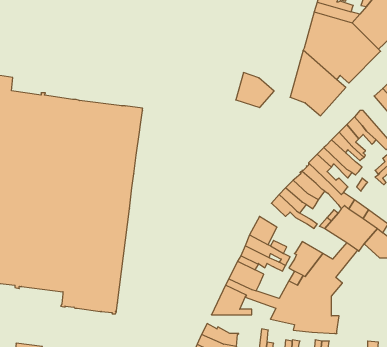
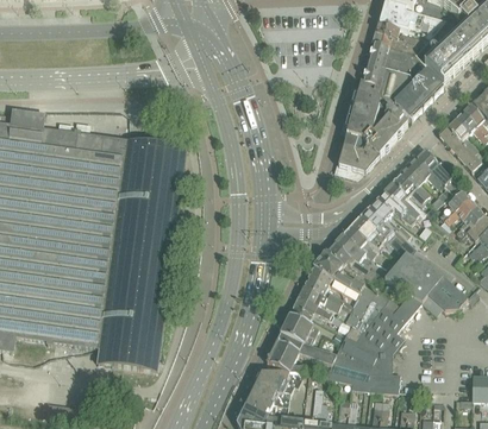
building: [236,73,274,108] -> [338,135,380,174]
building: none -> [313,251,401,311]
building: none -> [256,372,305,392]

